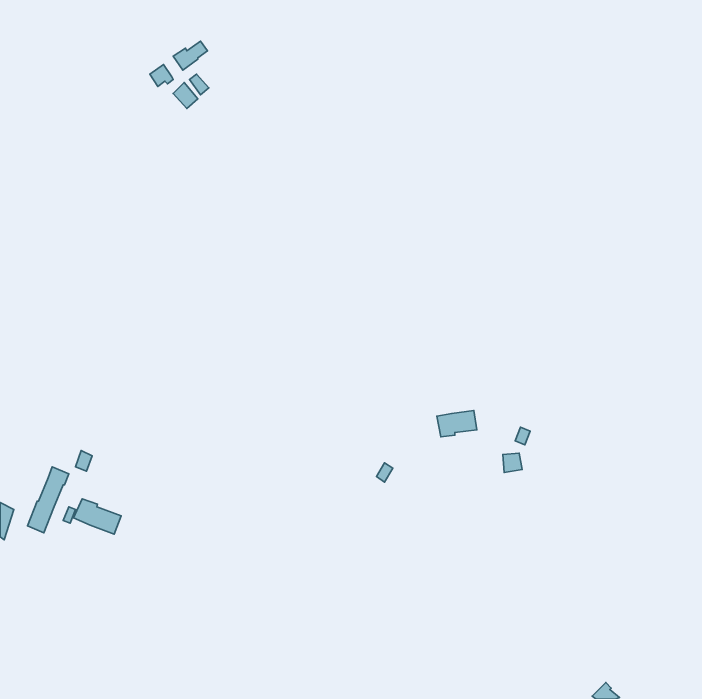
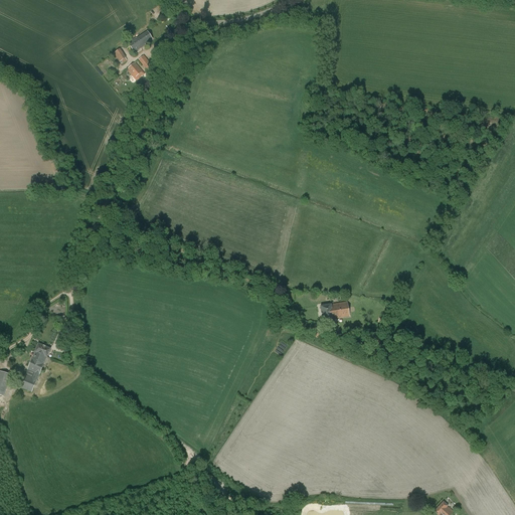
building: [74,499,121,534] -> none

